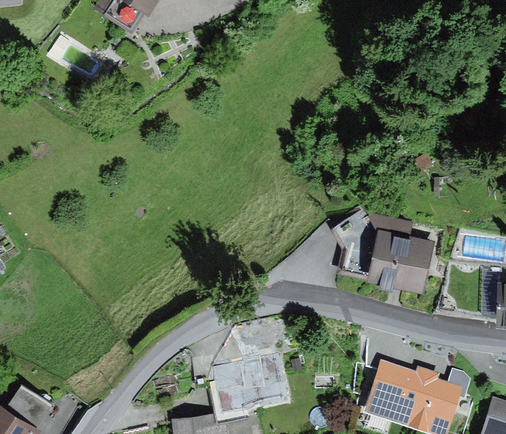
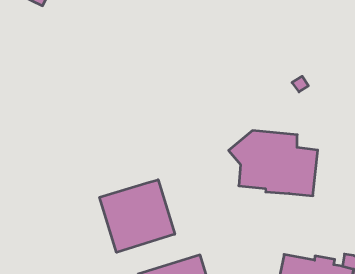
building: none -> [100,180,175,252]

